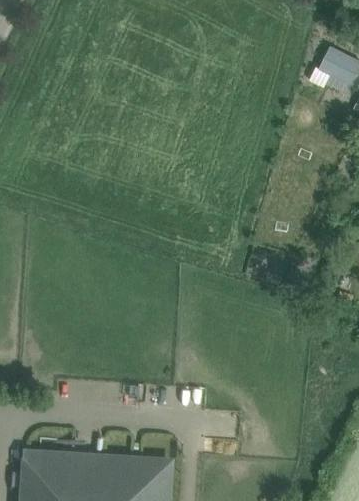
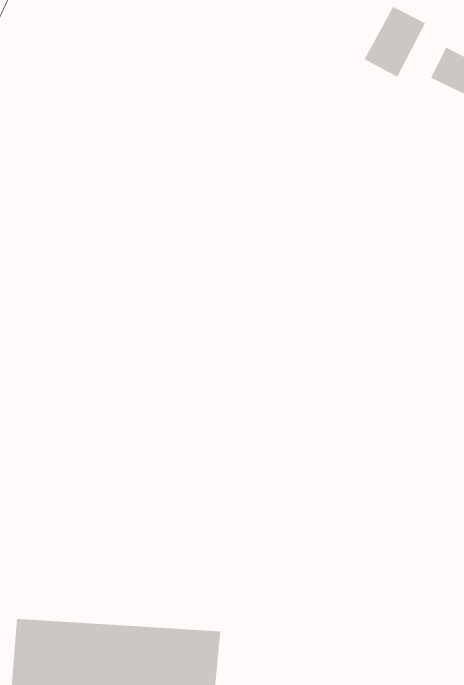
building: none -> [364,6,426,77]

